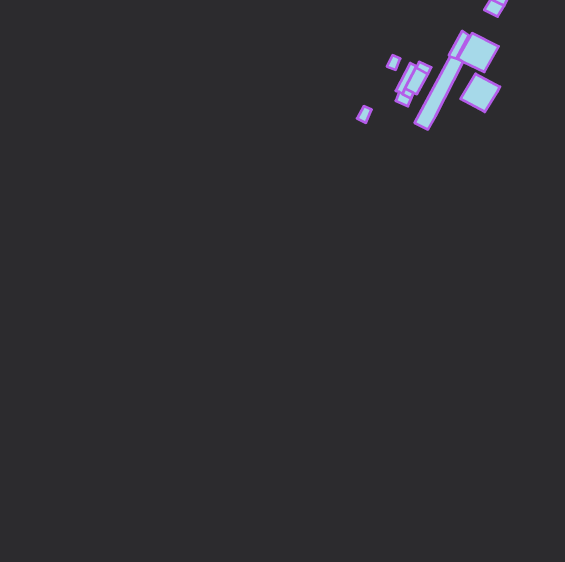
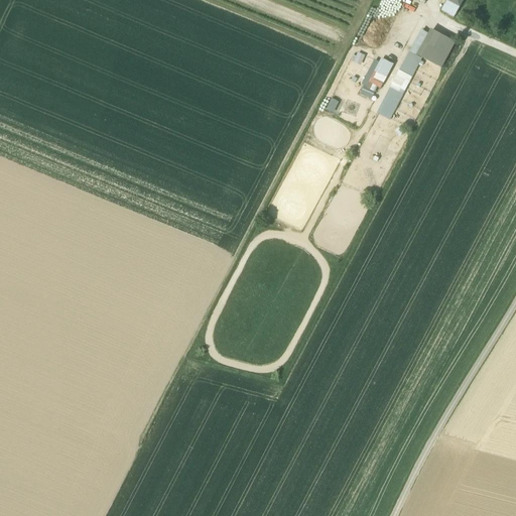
building: [461,74,500,112] -> none

